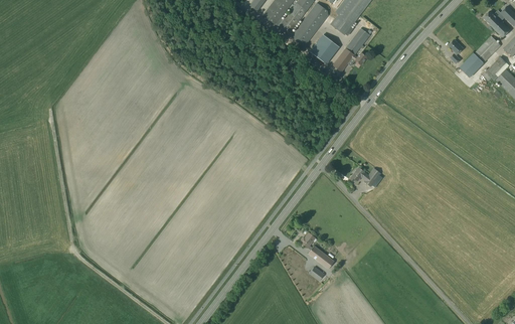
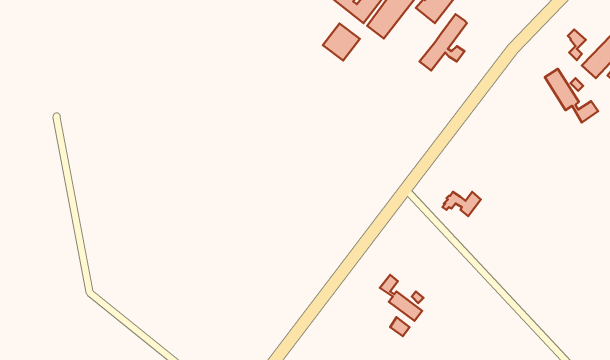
building: [311,34,340,63] -> [323,23,360,60]
building: none -> [545,69,598,122]

